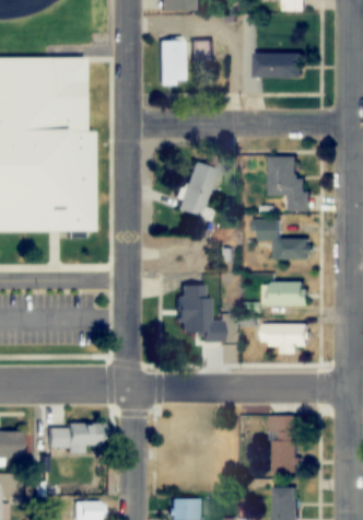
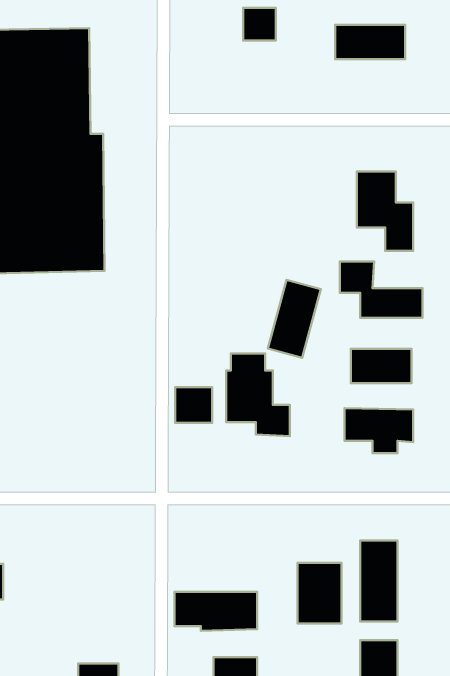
building: [159,41,184,85] -> none
building: [176,163,213,218] -> [268,280,321,358]
building: none -> [175,387,212,423]
building: [47,425,105,452] -> [174,592,257,631]
building: none -> [297,563,341,624]

